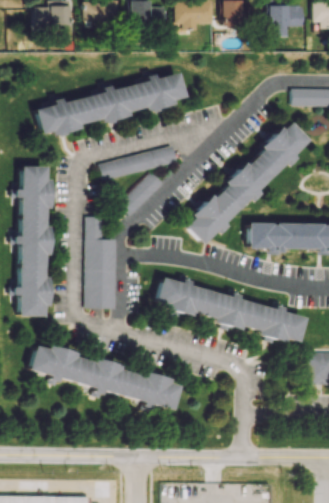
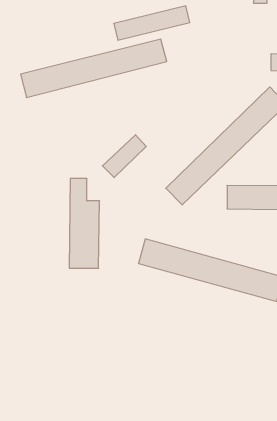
building: [100,145,178,180] -> [114,6,190,40]
building: [19,167,46,316] -> none
building: [31,344,180,408] -> none

